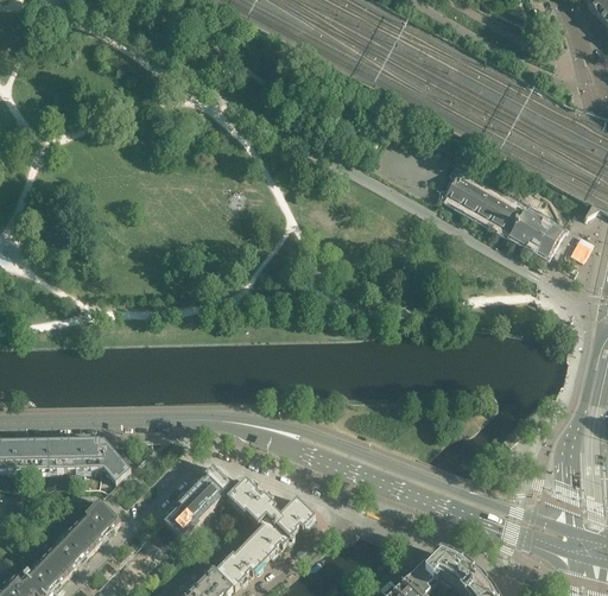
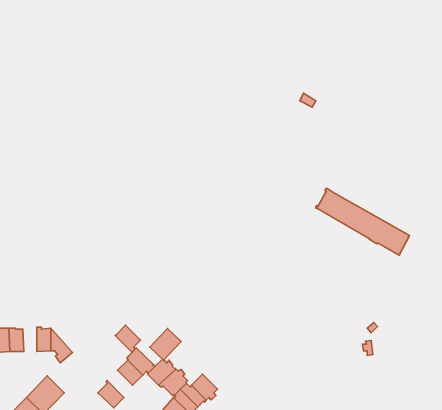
building: [441,171,559,255] -> [316,189,409,255]
building: [66,438,84,469] -> none
building: none -> [150,328,181,360]
building: [173,493,205,527] -> [115,325,140,352]

